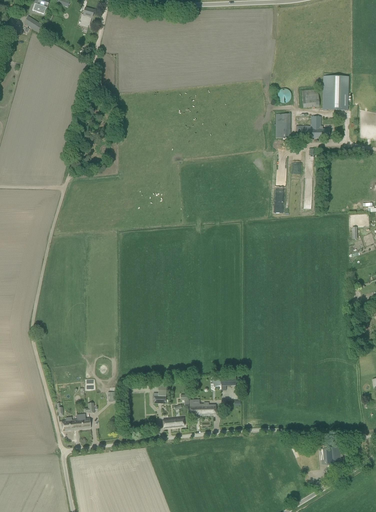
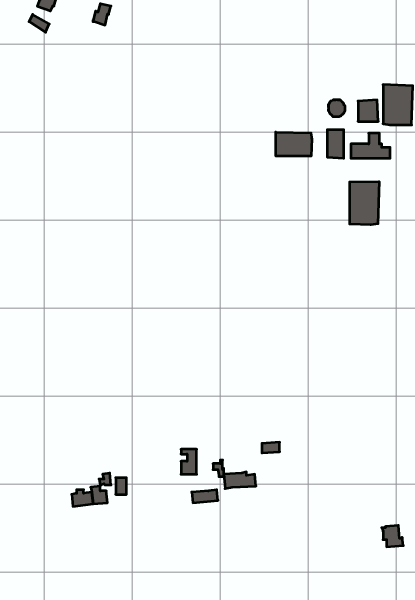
building: none -> [276,132,312,156]
building: none -> [350,182,379,225]

